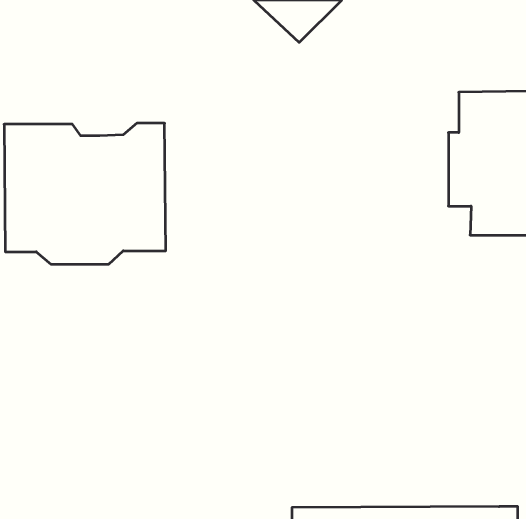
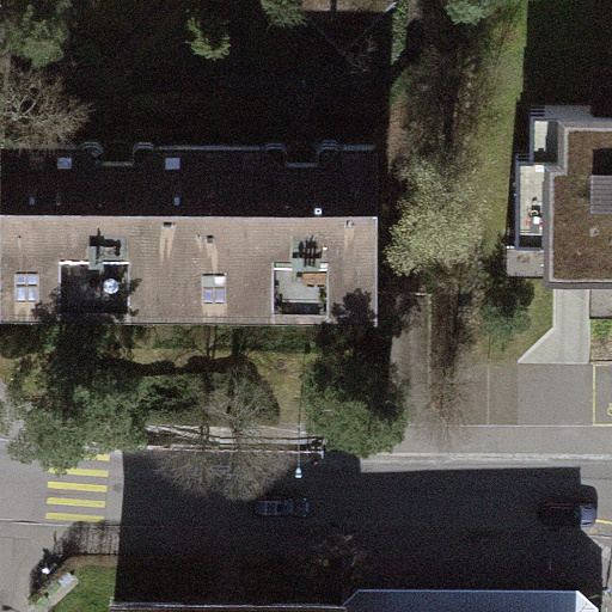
building: none -> [194,153,377,320]

